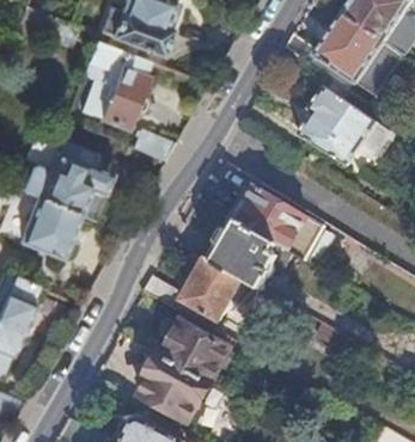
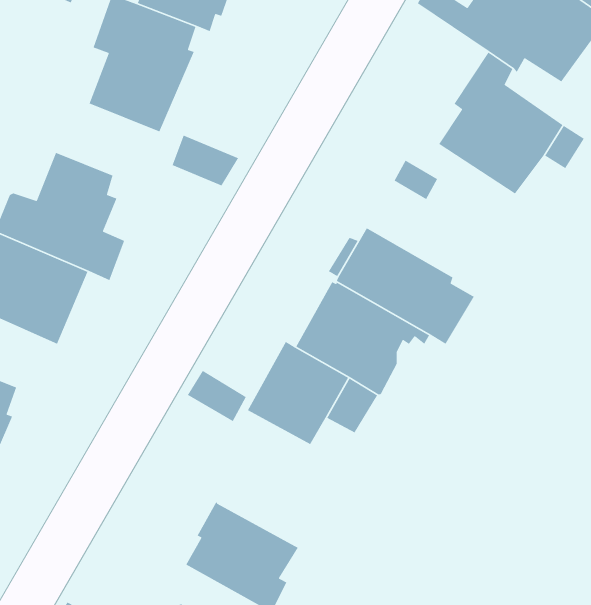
building: [164,323,232,383] -> none

